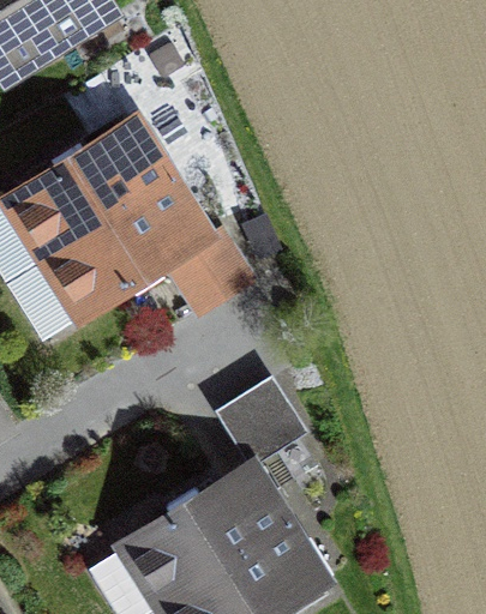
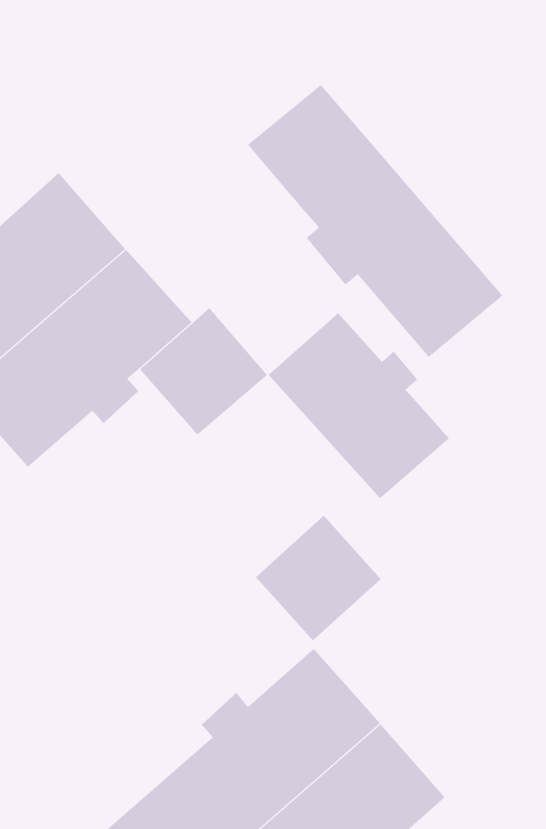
building: none -> [247,84,503,358]
building: none -> [268,313,450,499]

